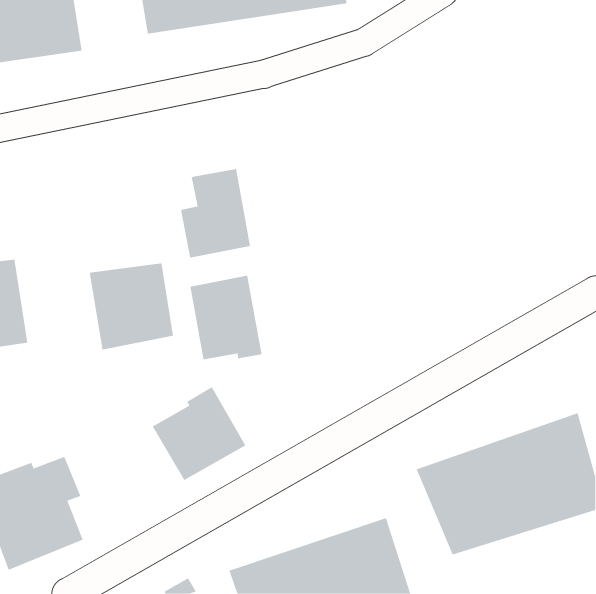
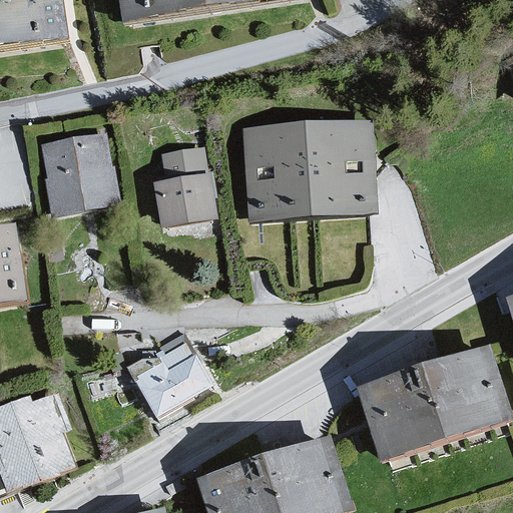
building: none -> [246,118,373,210]
building: [89,263,174,350] -> [41,132,113,206]
building: [190,275,262,360] -> none

